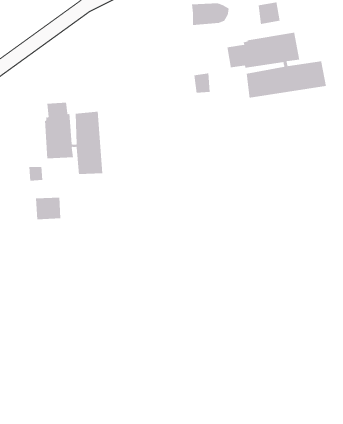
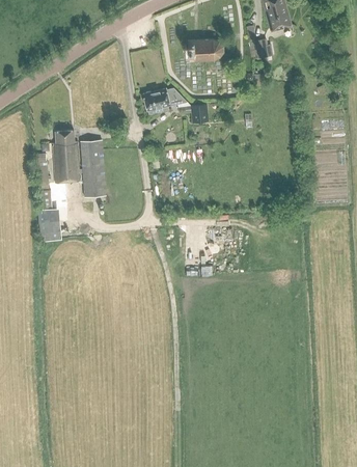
building: [227,32,326,98] -> none
building: none -> [143,87,187,113]

